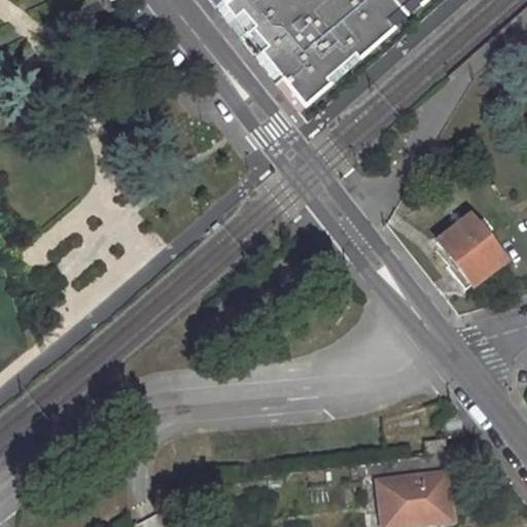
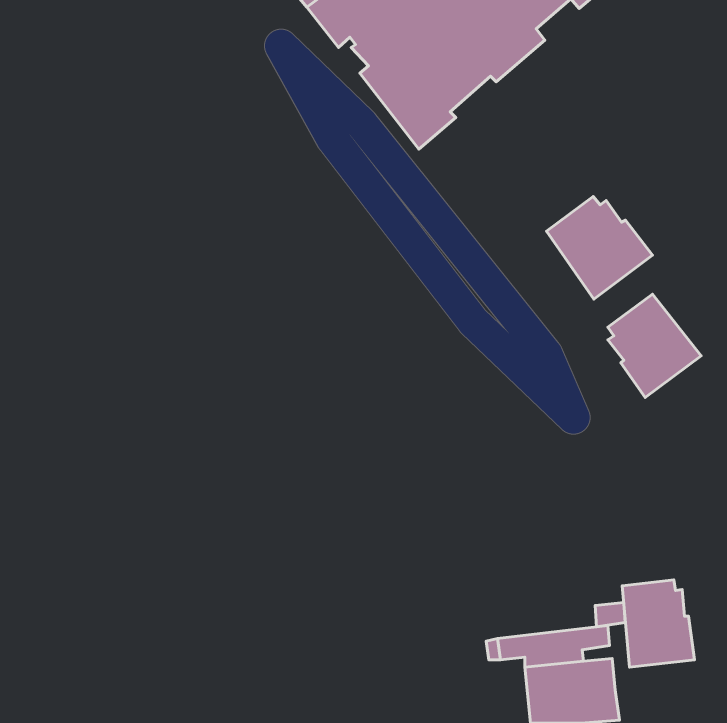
building: none -> [546,196,653,299]
building: none -> [622,580,694,667]

